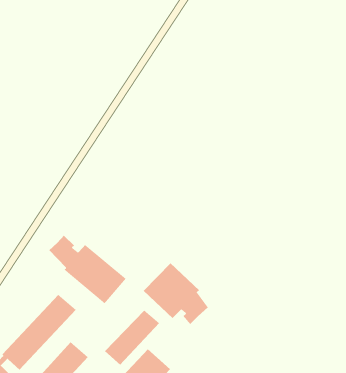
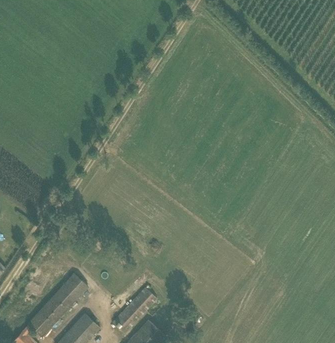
building: [49,235,127,304] -> none
building: [143,262,209,325] -> none

